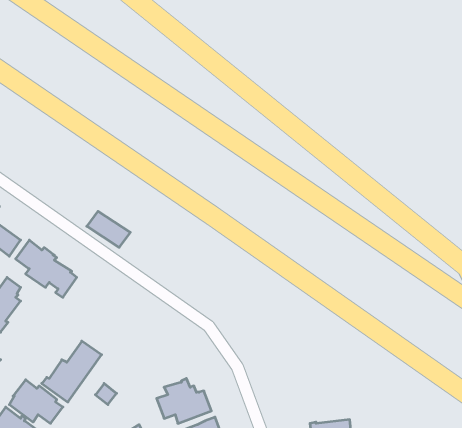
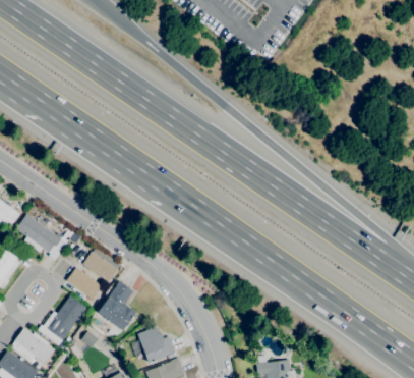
building: [87,211,130,247] -> [82,252,118,281]
building: none -> [62,264,104,301]
building: none -> [98,280,137,330]

